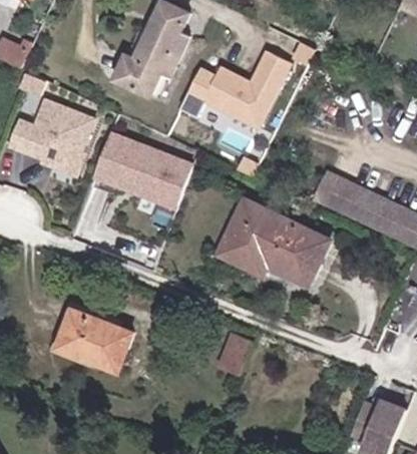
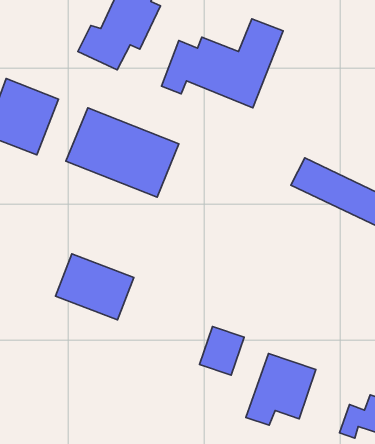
building: [213,196,322,281] -> none
building: [54,308,126,369] -> [56,254,134,320]
building: none -> [246,353,316,425]

